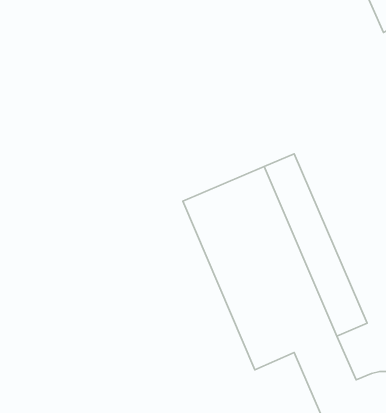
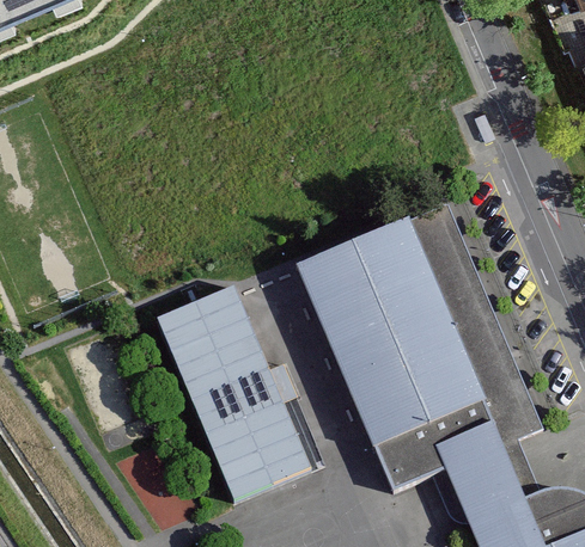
building: none -> [157,285,311,499]

